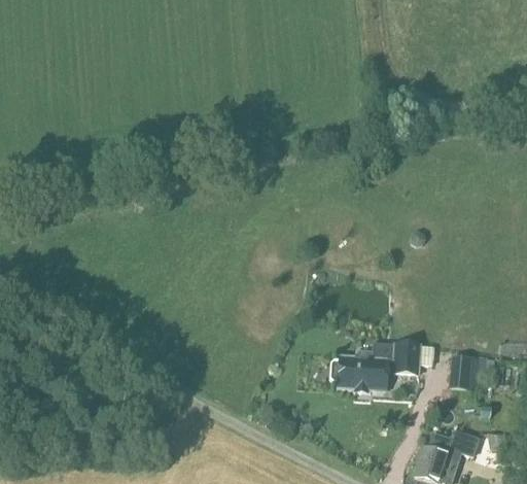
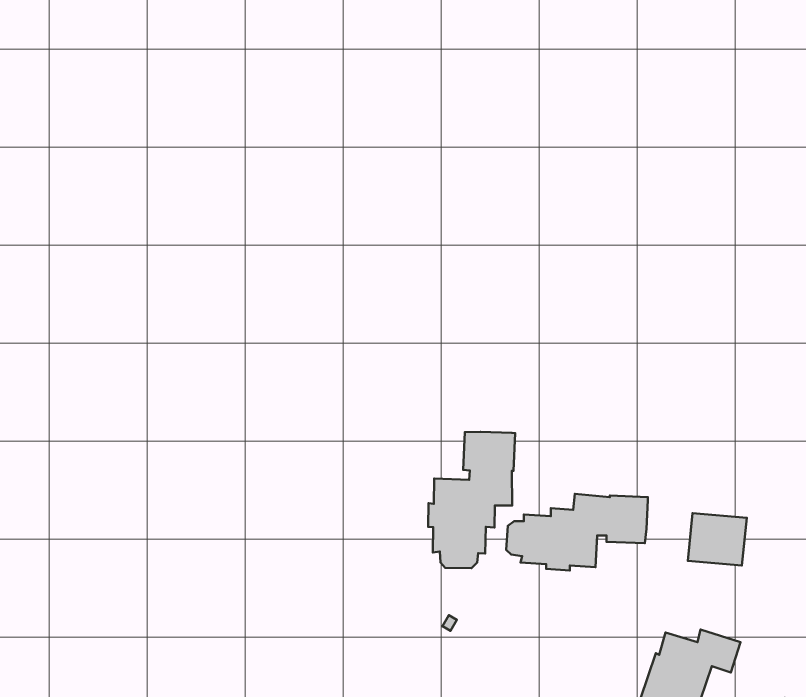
building: none -> [428,432,515,568]

